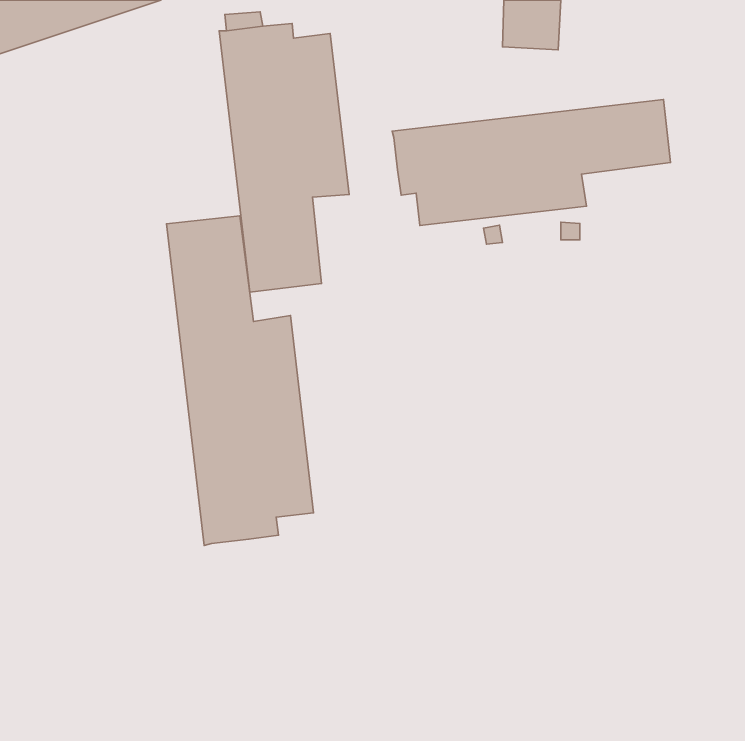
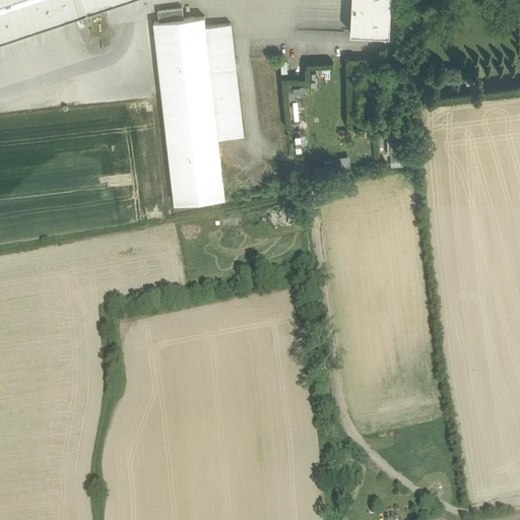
building: [392,99,671,225] -> none
building: [166,216,314,545] -> none

